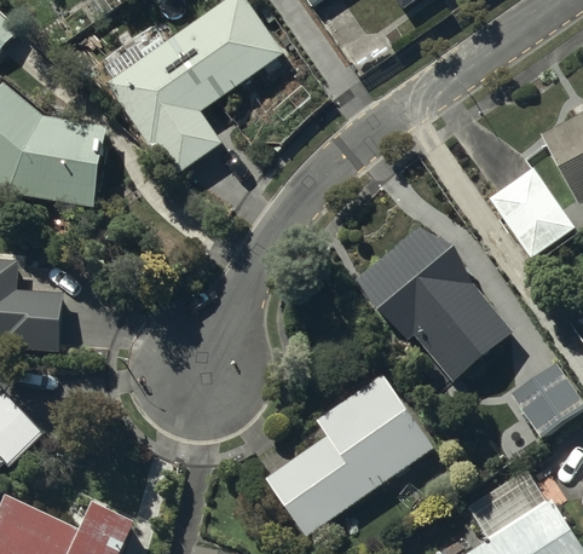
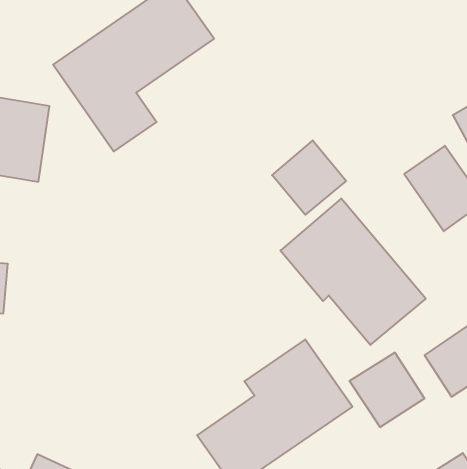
building: none -> [272,140,346,215]
building: none -> [350,352,424,427]

